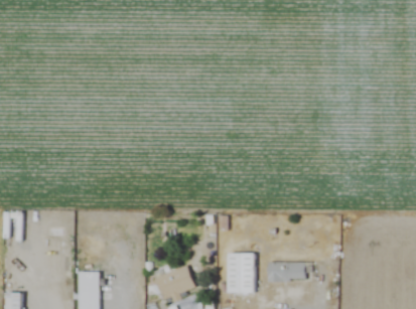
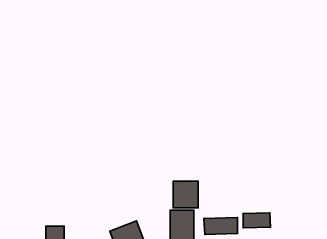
building: none -> [173,181,198,208]
building: none -> [243,213,271,228]

